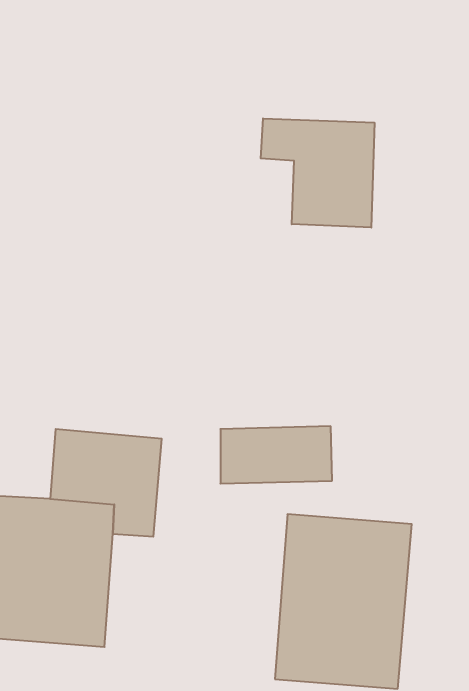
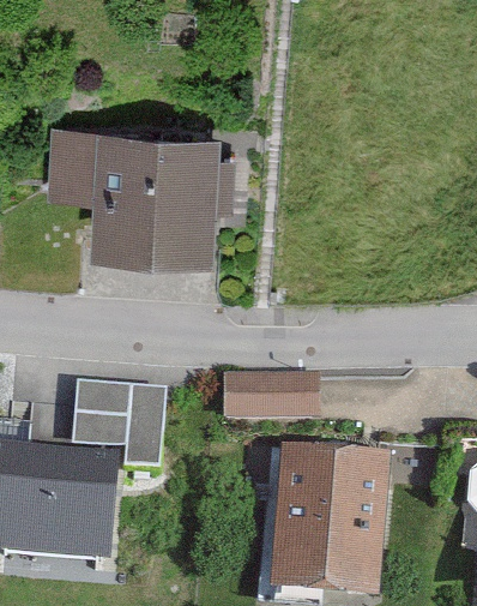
building: [261,118,374,228] -> none
building: none -> [47,125,231,246]

